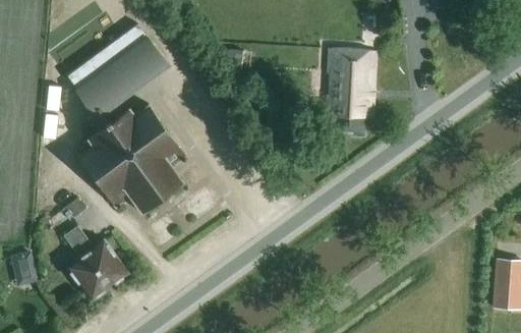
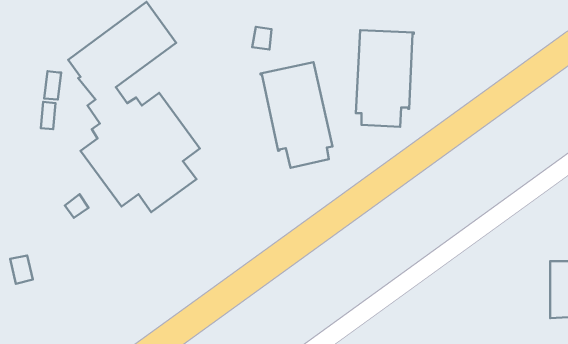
building: none -> [260,62,332,168]
building: [64,226,127,299] -> none

